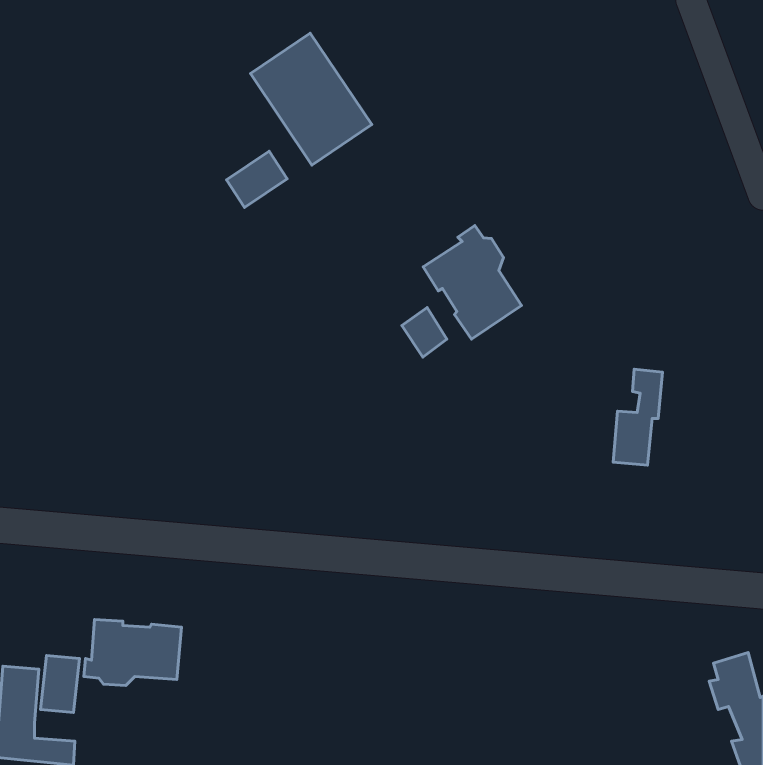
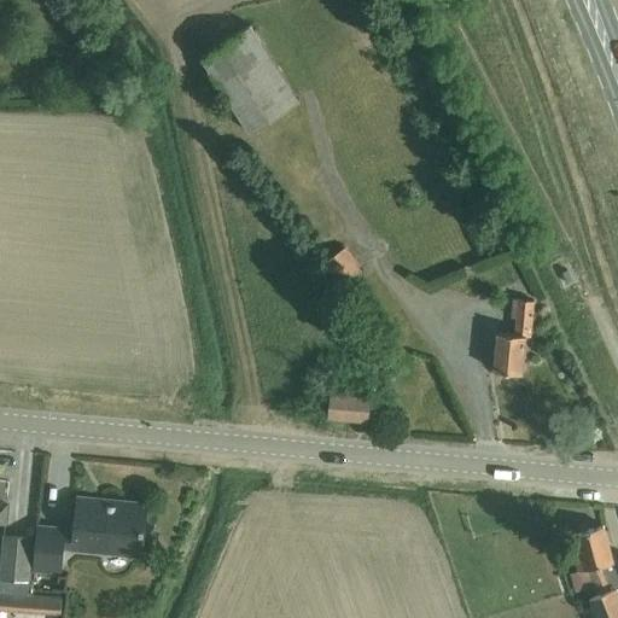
building: [227,151,287,208] -> none
building: [423,226,522,339] -> none
building: none -> [331,396,369,419]

